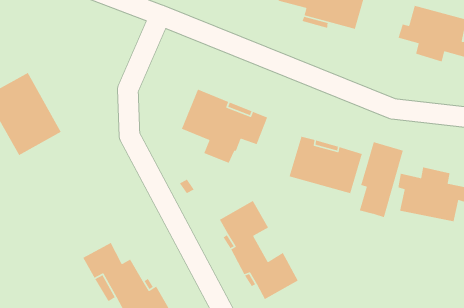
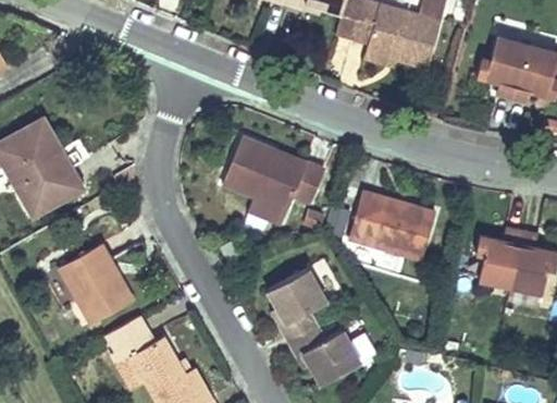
building: [359,141,404,218] -> none
building: none -> [60,243,135,325]

